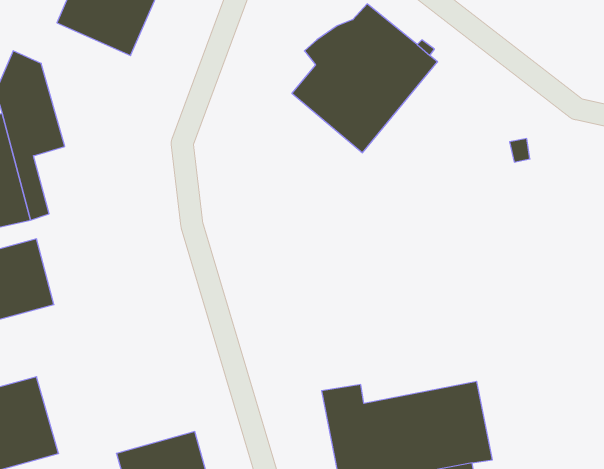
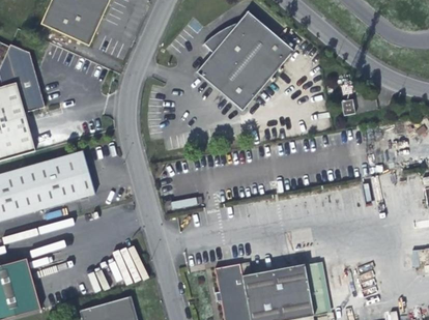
building: none -> [26,151,93,210]

